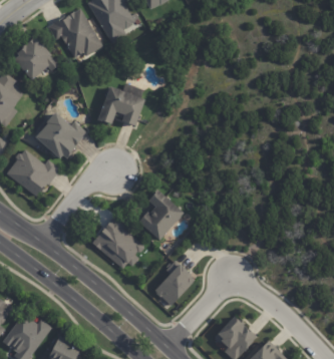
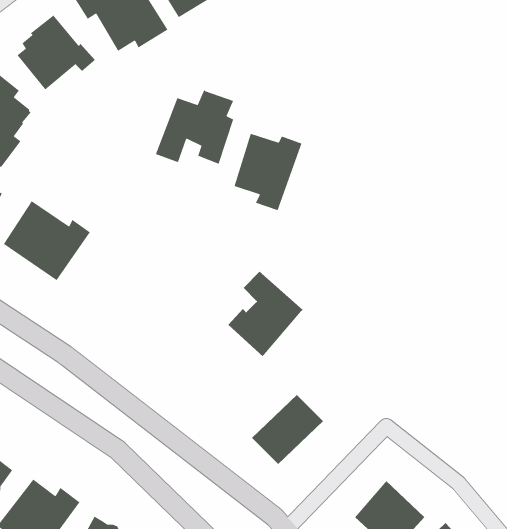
building: none -> [233,133,303,211]
building: [36,113,87,160] -> none
building: [91,215,144,271] -> none

